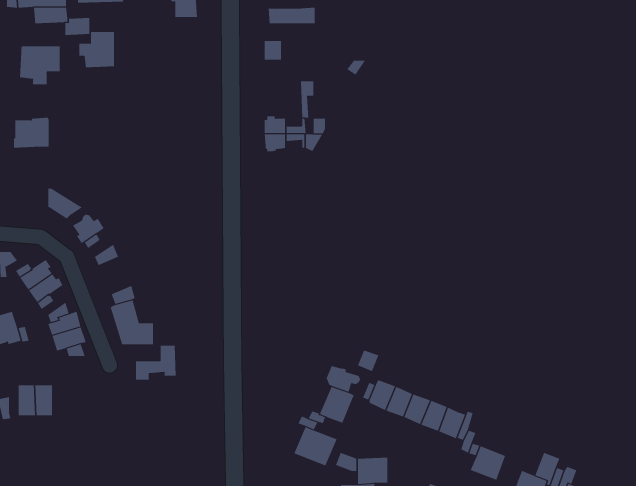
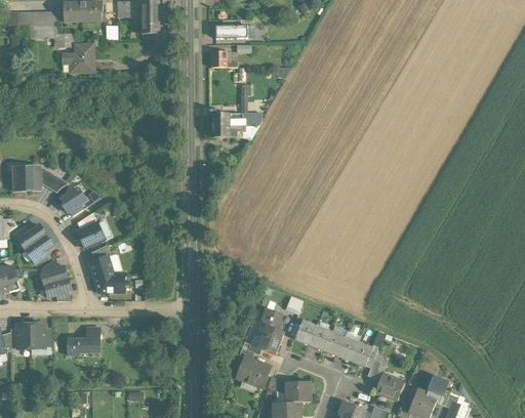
building: [20,45,60,85] -> none
building: [13,117,49,148] -> [11,165,40,190]
building: none -> [76,221,104,247]
building: [135,345,177,380] -> [67,326,99,353]

